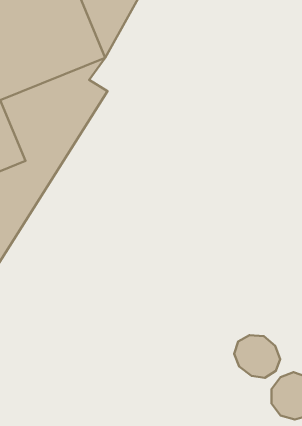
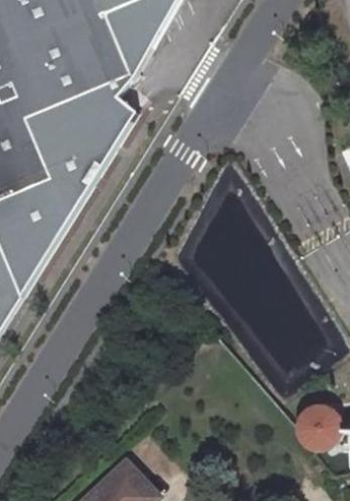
building: [234,335,280,378] -> none

